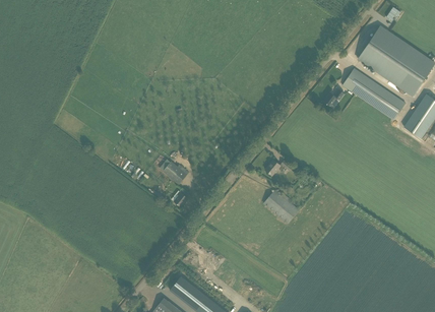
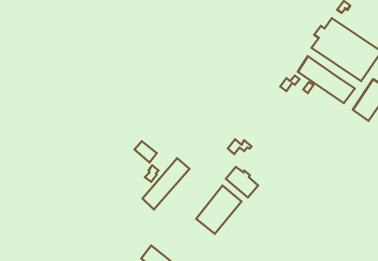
building: none -> [142,158,189,209]
building: none -> [196,186,242,234]

